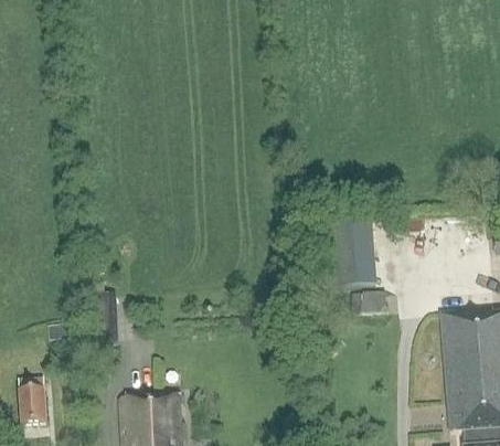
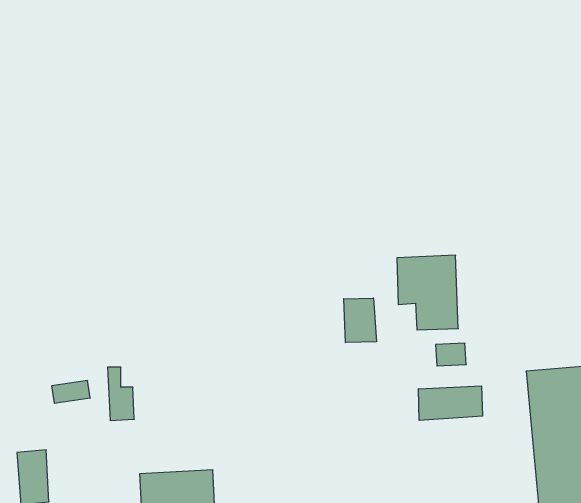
building: none -> [344,298,376,343]
building: none -> [418,386,482,420]

